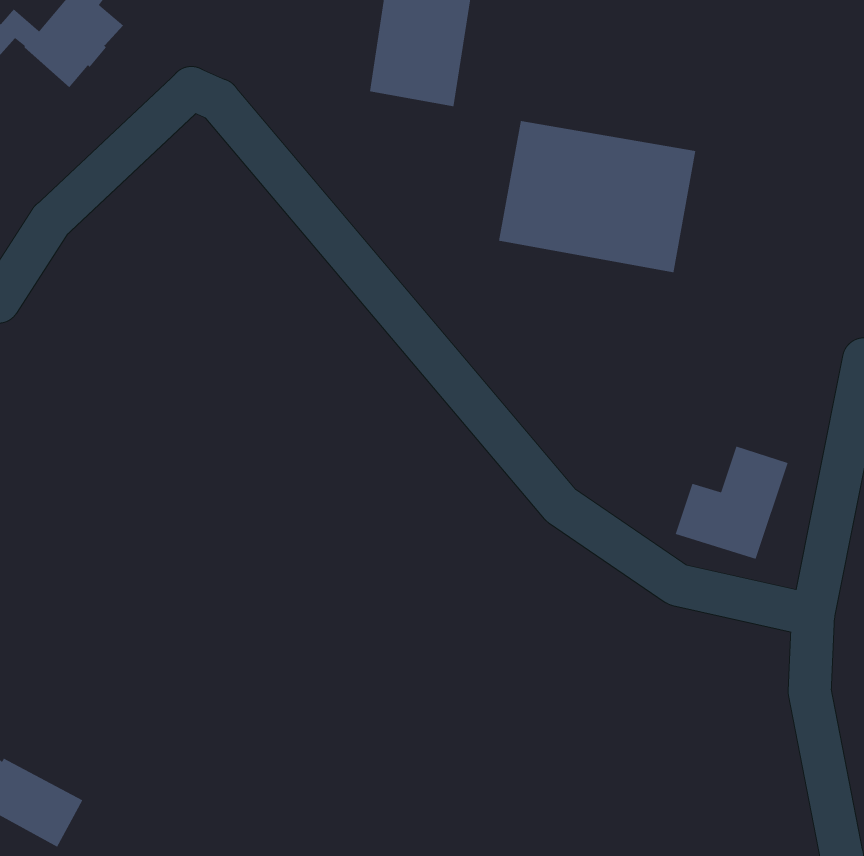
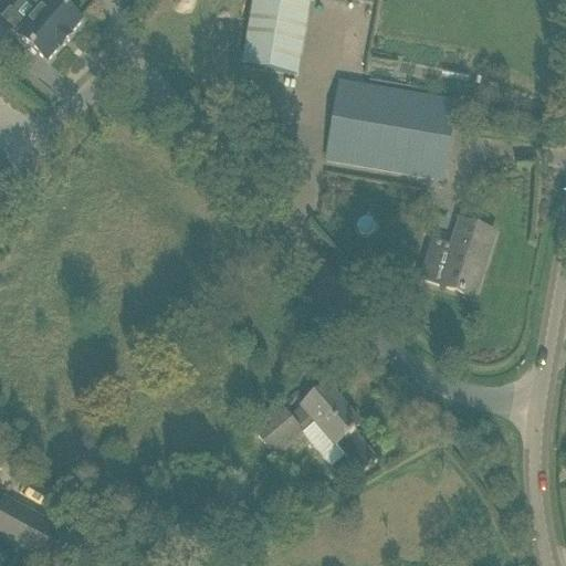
building: [675,446,788,560] -> [419,218,493,292]
building: none -> [250,381,377,470]

